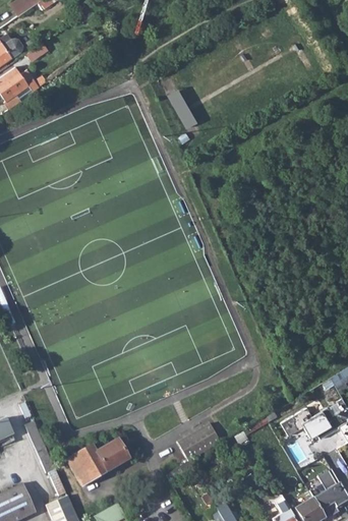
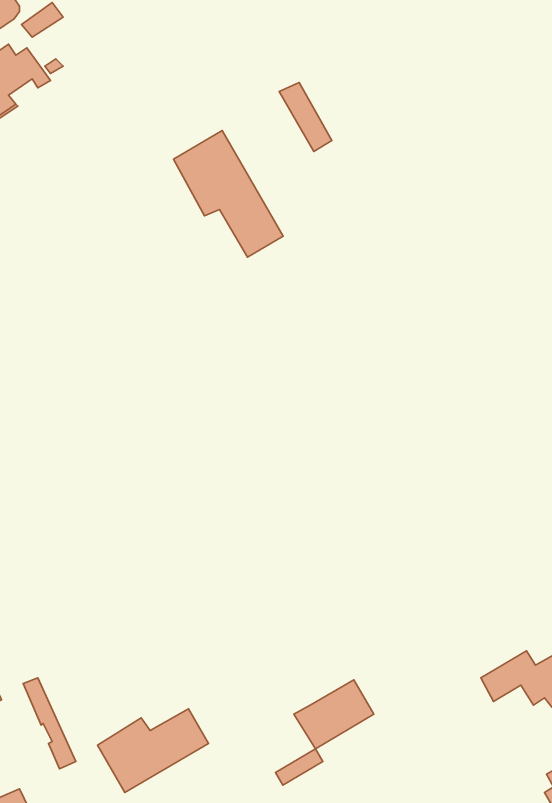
building: none -> [174,130,283,257]

